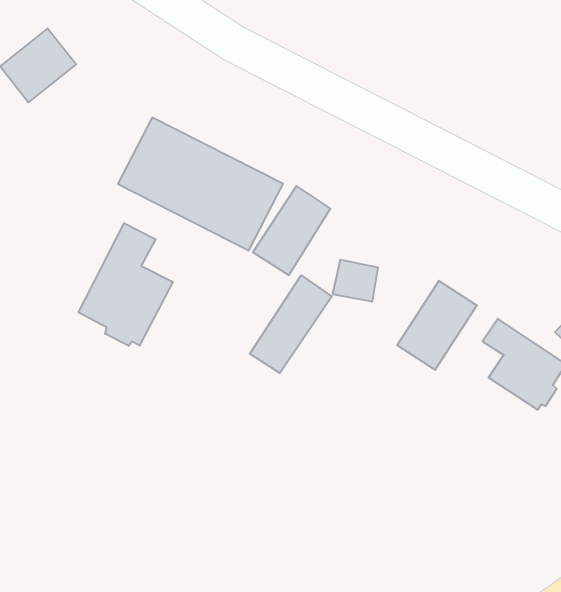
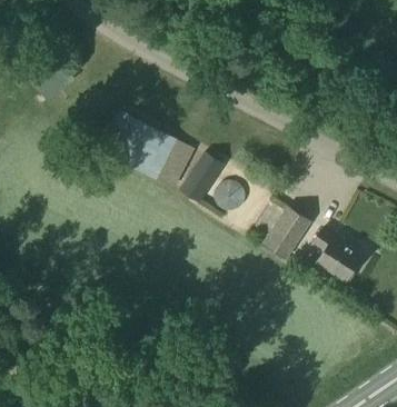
building: [79,223,173,346] -> none
building: [250,275,332,373] -> none

